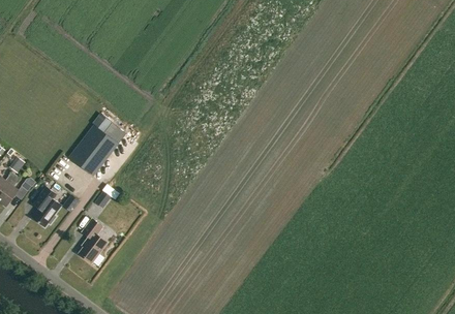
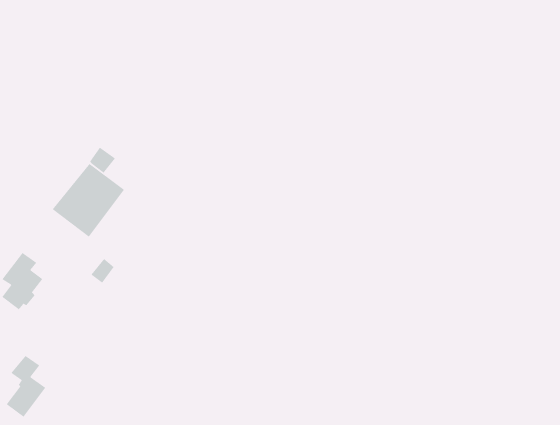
building: [79,218,107,261] -> [6,355,46,417]

